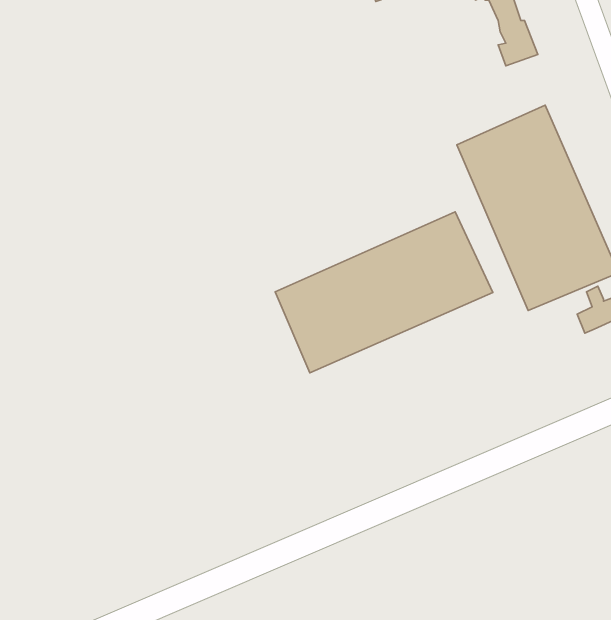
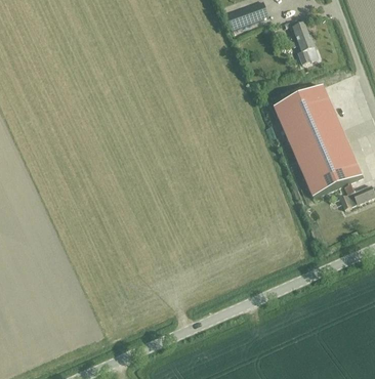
building: [275,212,493,373] -> none

